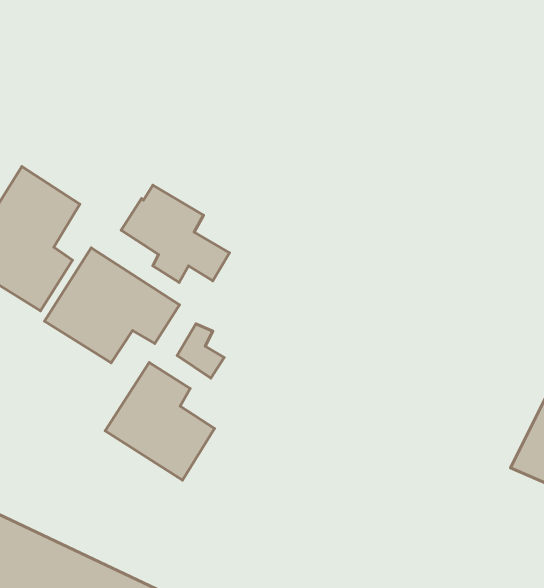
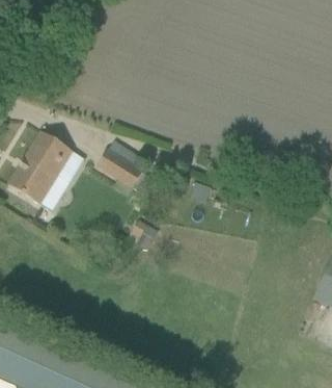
building: [45,248,180,363] -> none
building: [105,363,215,480] -> none

